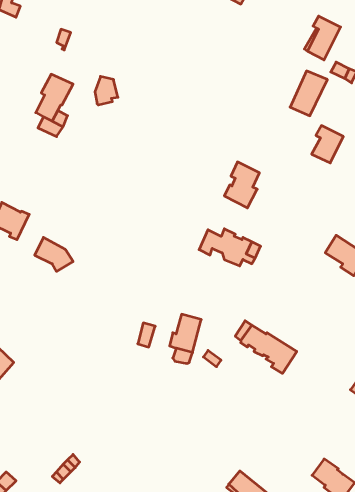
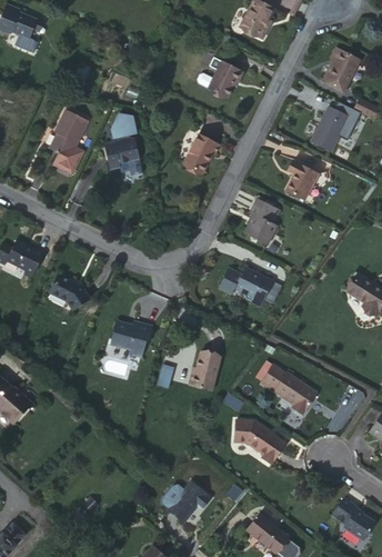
building: none -> [198,60,242,96]
building: none -> [183,135,219,173]
building: none -> [105,137,139,168]
building: [312,126,343,163] -> [285,161,318,199]
building: none -> [110,321,152,358]
building: none -> [234,417,284,462]
building: none -> [163,480,211,521]

